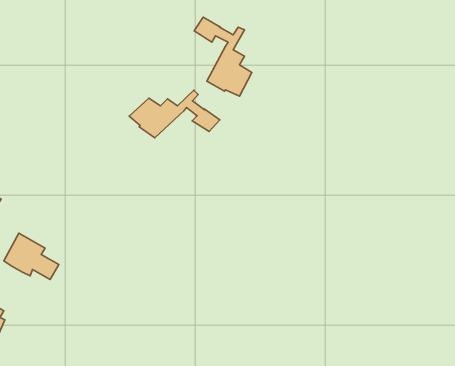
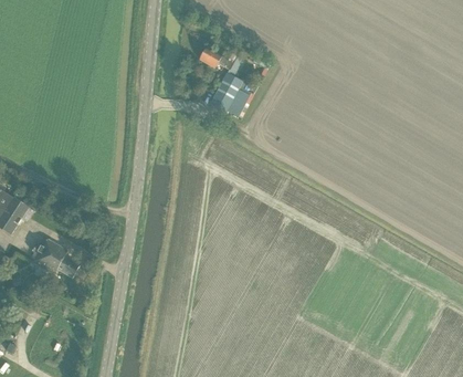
building: [129,90,220,138] -> none

